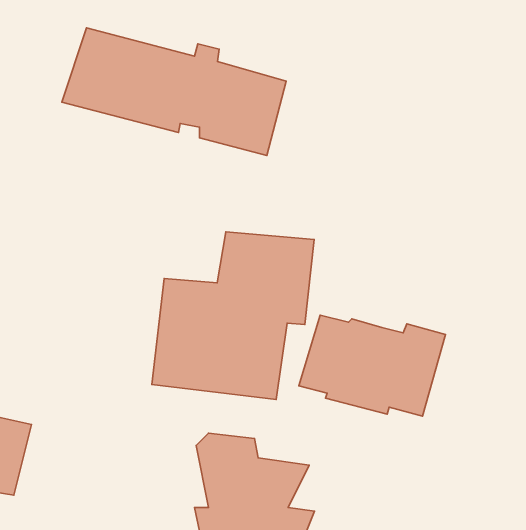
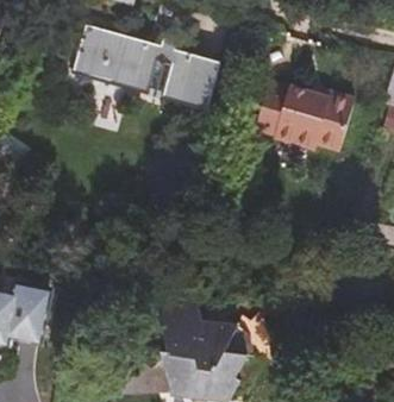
building: [152,232,314,399] -> none
building: [299,315,446,416] -> [255,84,354,152]

